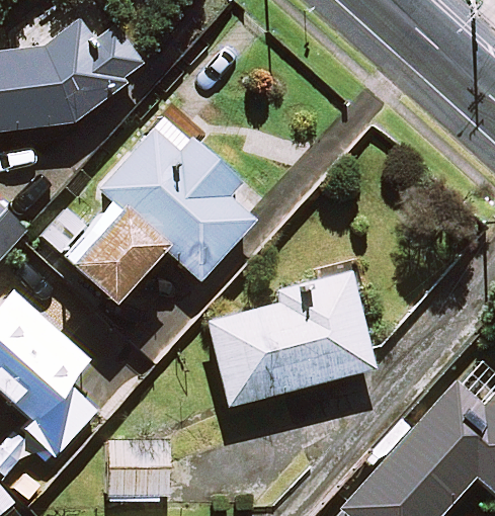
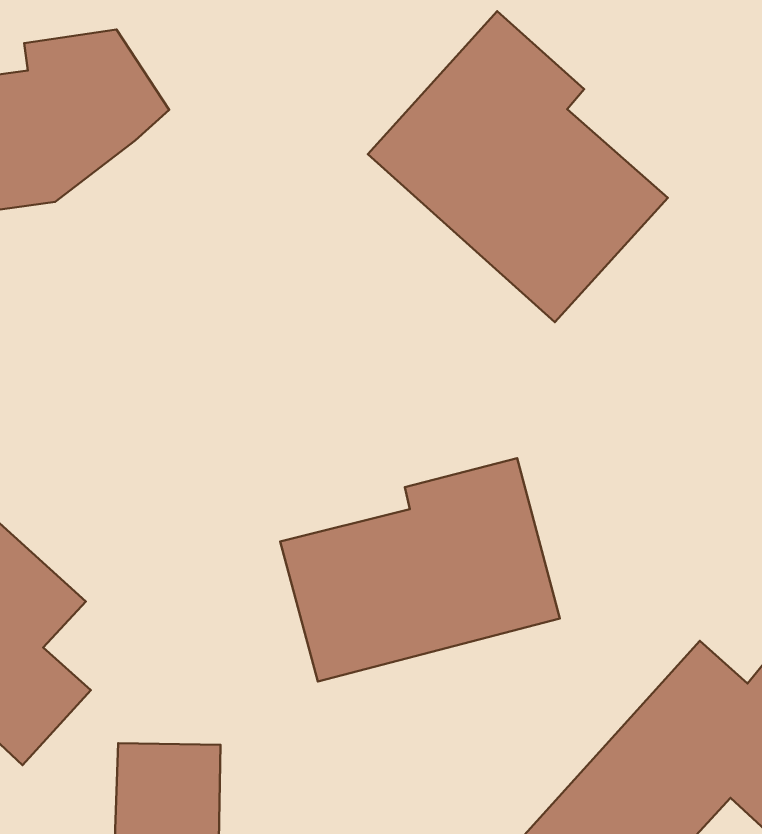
building: none -> [368,11,668,322]
building: [66,115,254,306] -> none

